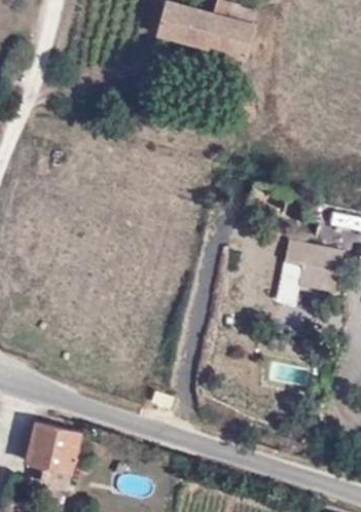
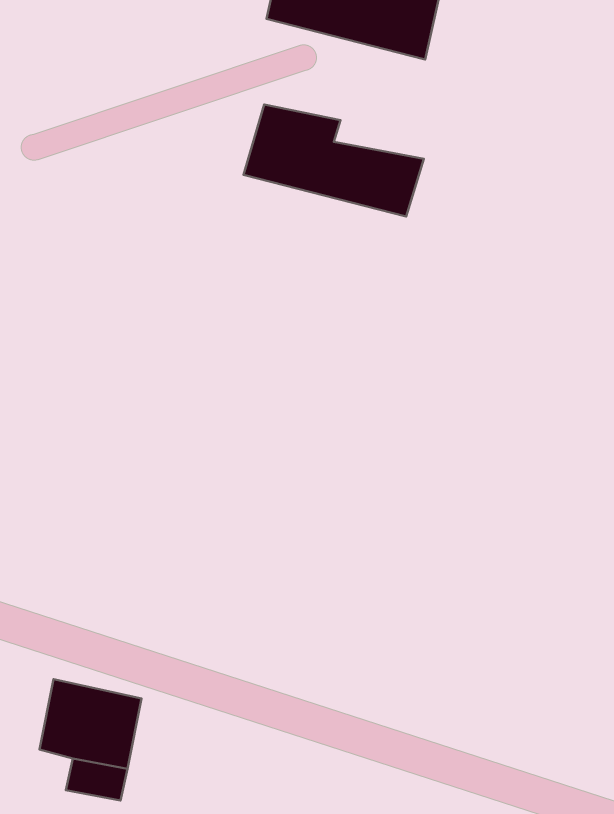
building: none -> [243,105,424,216]
building: [277,241,344,312] -> none

